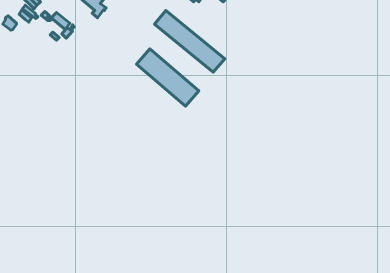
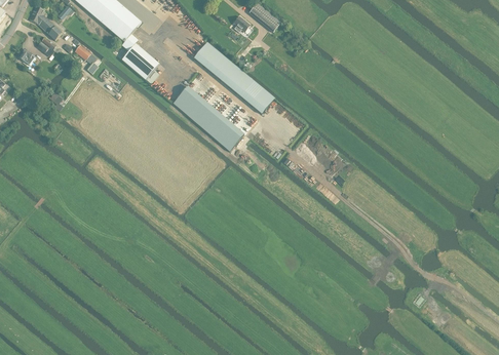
building: none -> [120,40,157,78]

